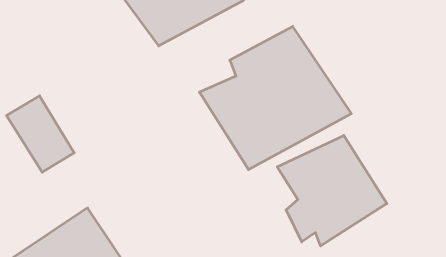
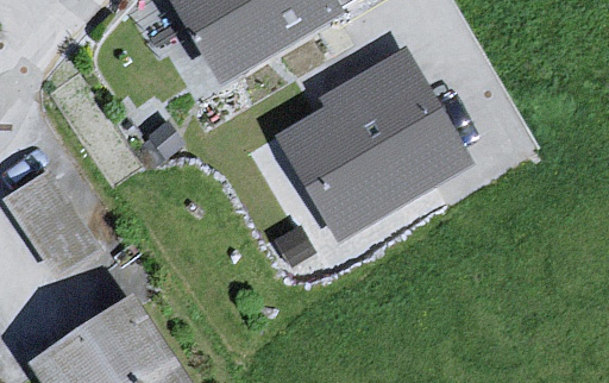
building: [277,135,387,246] -> none

